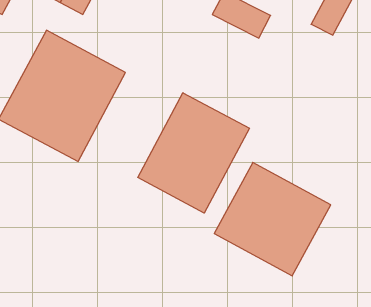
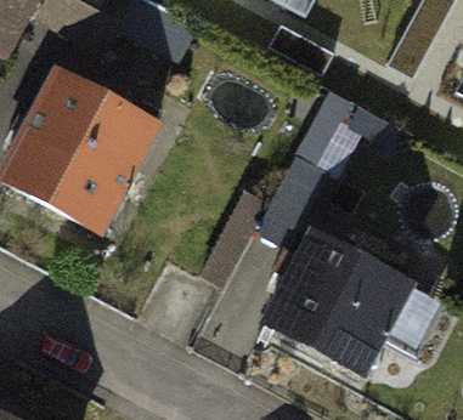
building: [138,93,249,213] -> none

